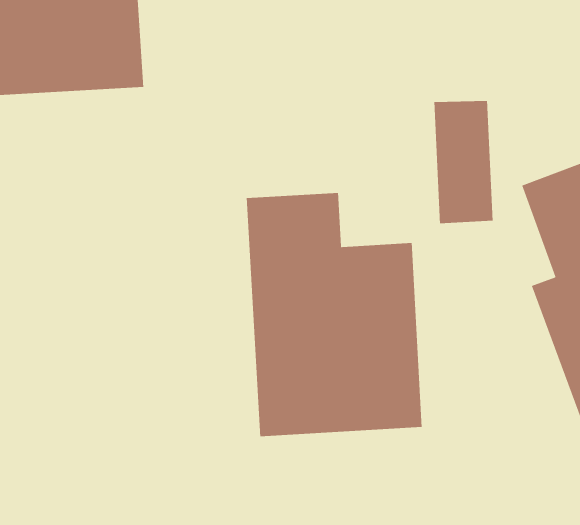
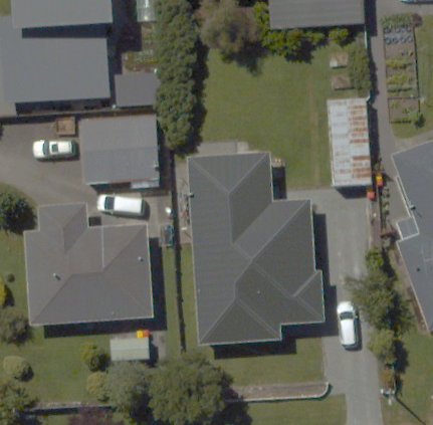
building: none -> [80,118,150,182]
building: none -> [24,224,140,323]

